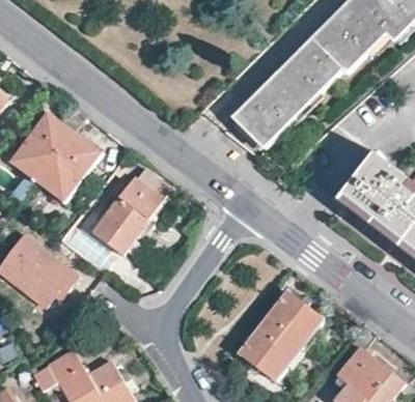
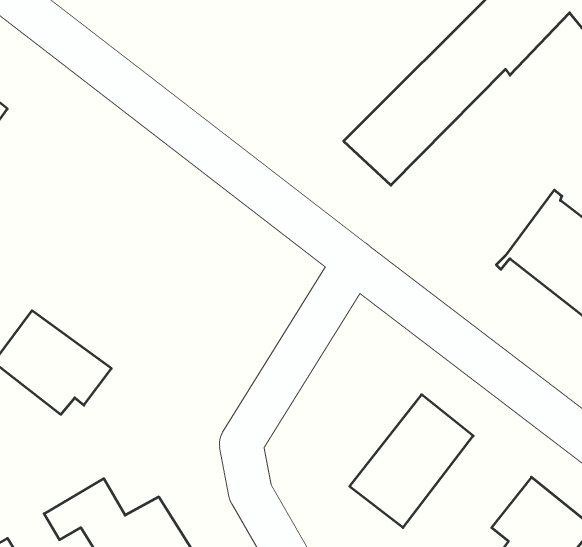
building: [5,111,101,205] -> none
building: [91,165,169,255] -> none

